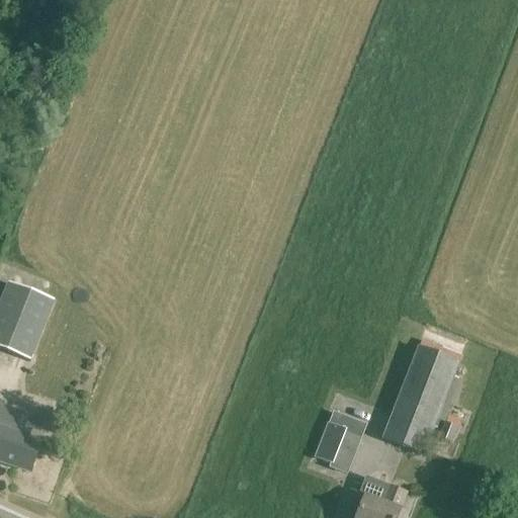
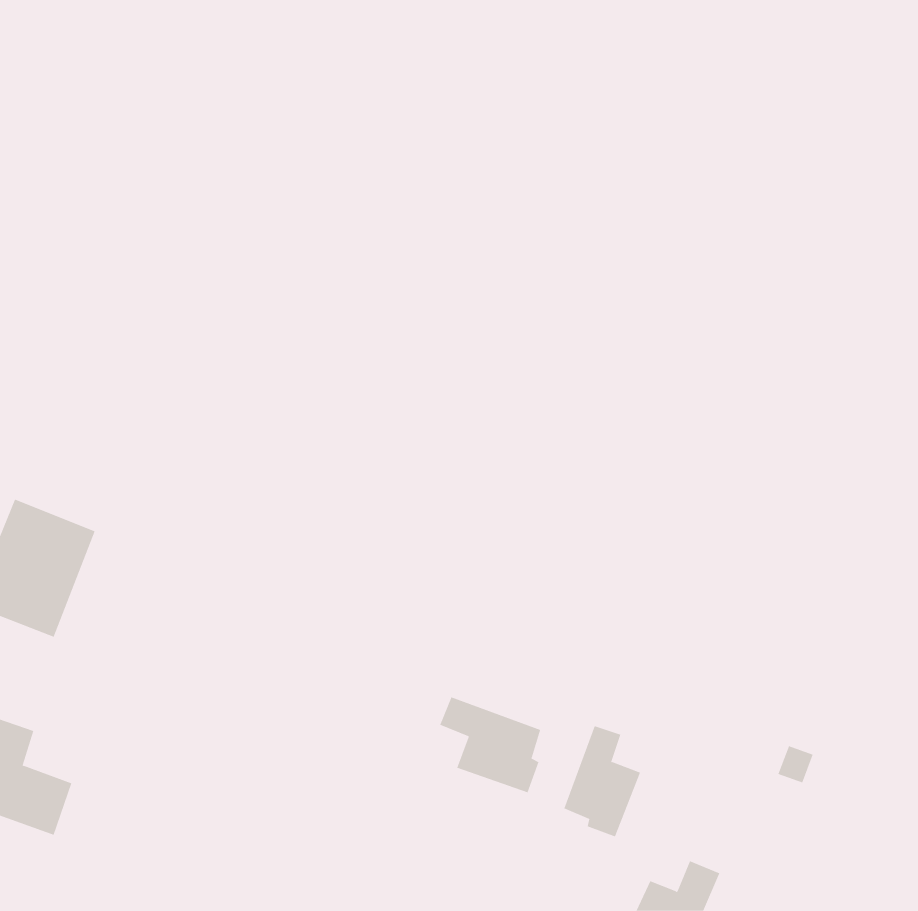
building: [383,346,458,451] -> none
building: none -> [440,696,541,793]

